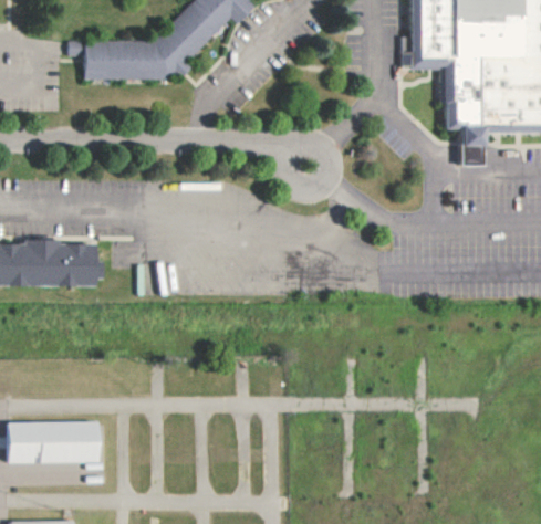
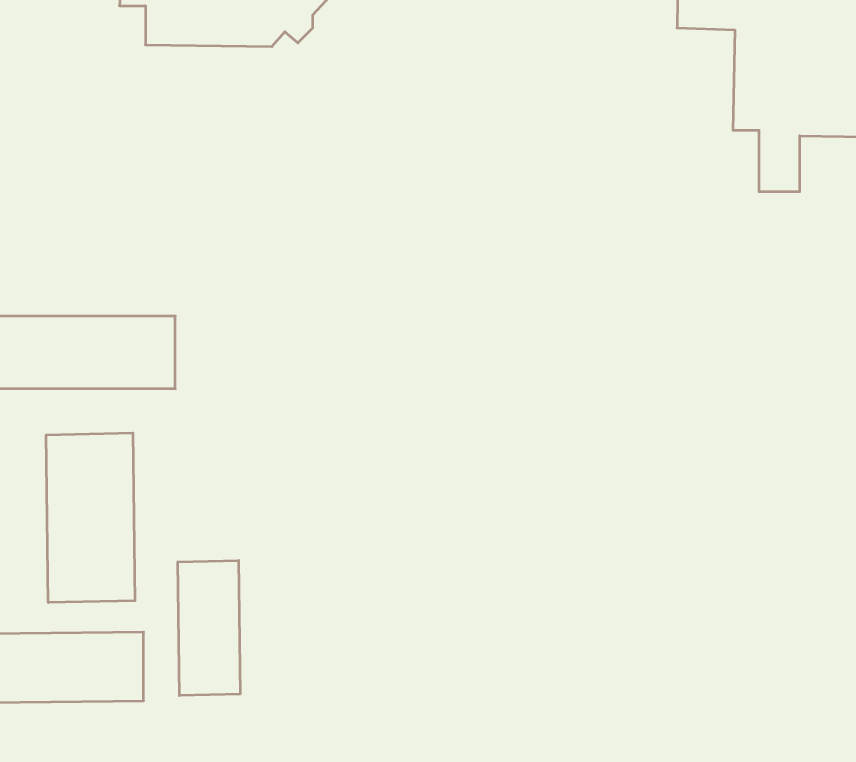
building: none -> [46,433,135,603]
building: none -> [178,560,240,696]

